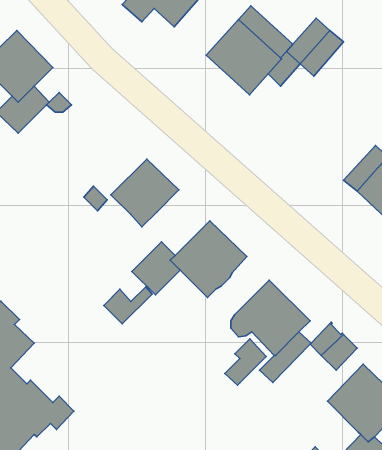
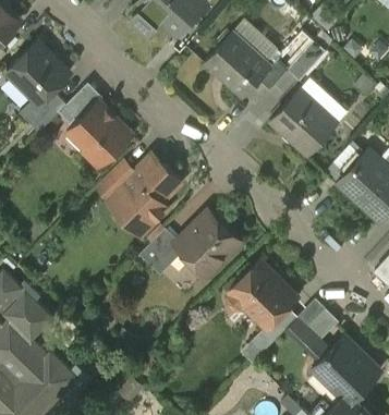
building: none -> [270,89,338,157]
building: none -> [69,102,131,168]
building: [104,287,152,324] -> [124,203,167,235]
building: [225,339,266,385] -> none

